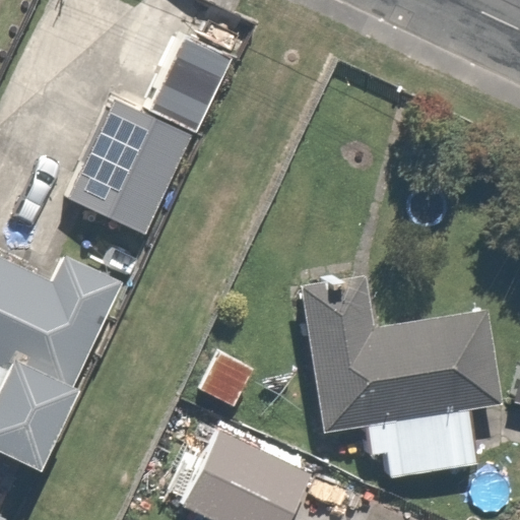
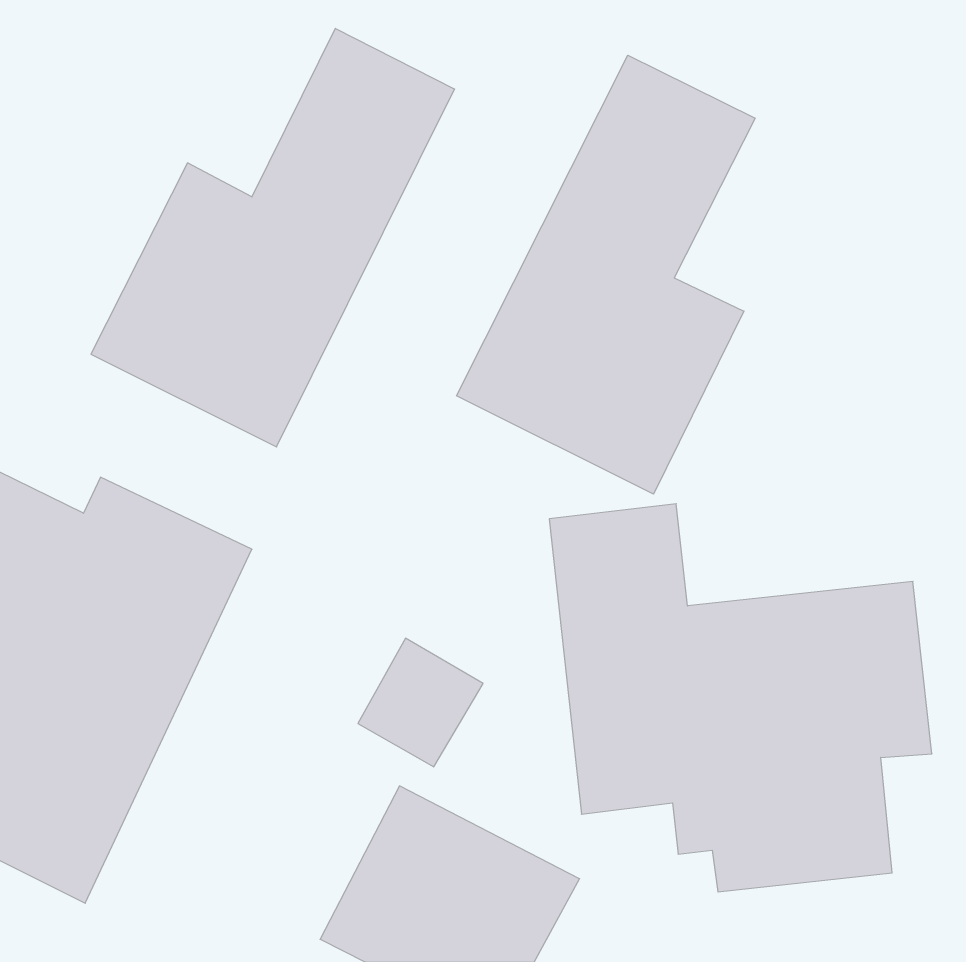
building: none -> [457,55,755,494]

